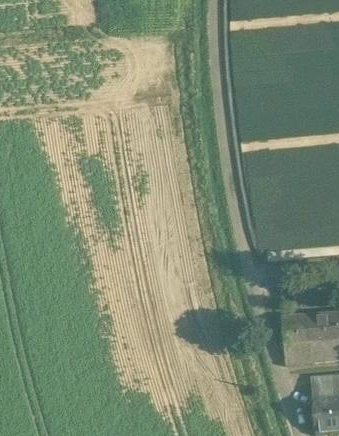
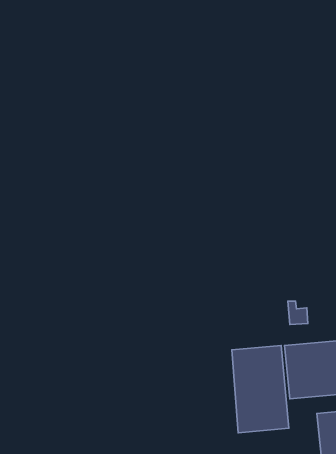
building: none -> [232,346,289,433]

